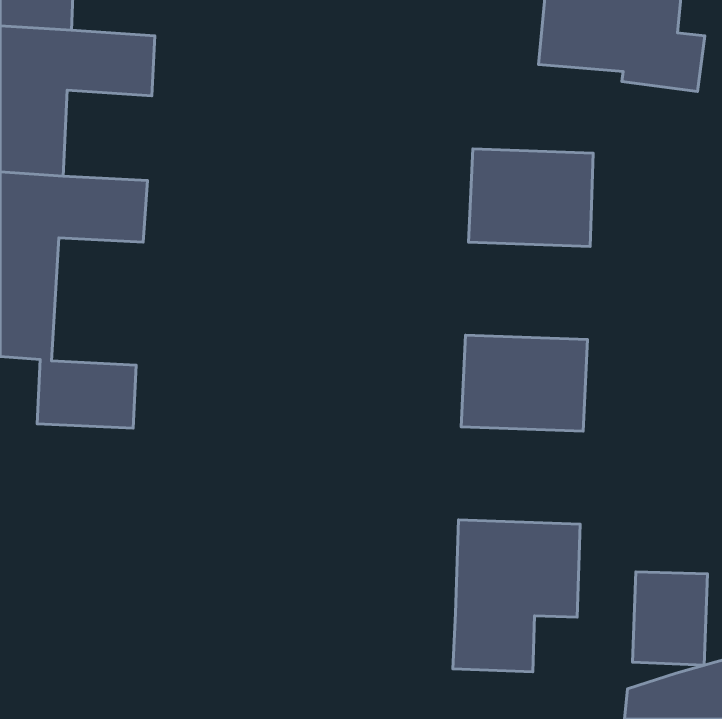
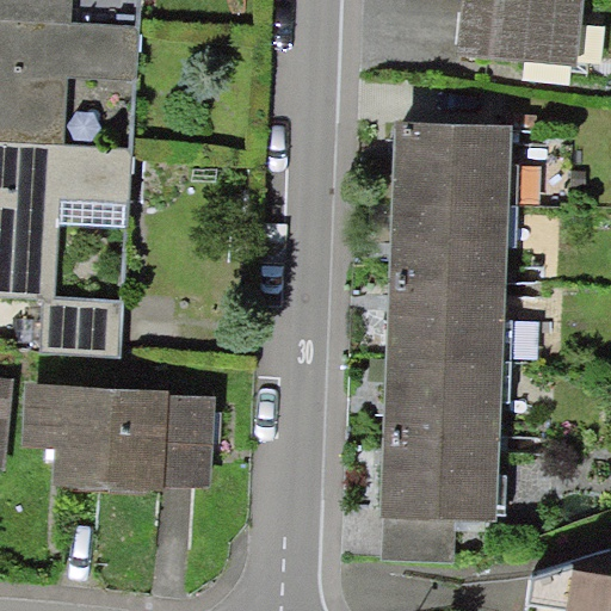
building: none -> [396,202,500,283]
building: none -> [390,356,494,437]
building: none -> [31,388,210,493]
building: [633,572,707,665] -> none

